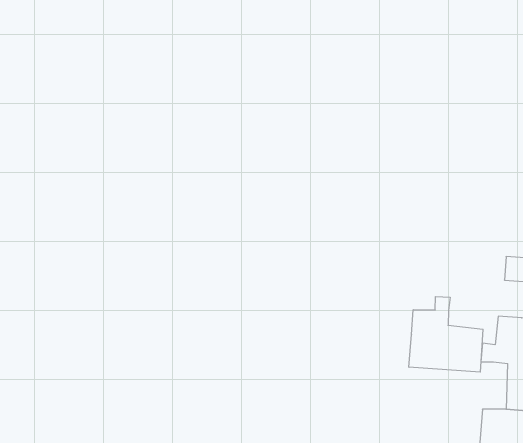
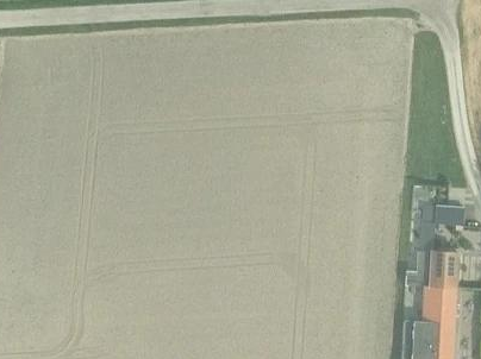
building: [409,297,483,372] -> none

